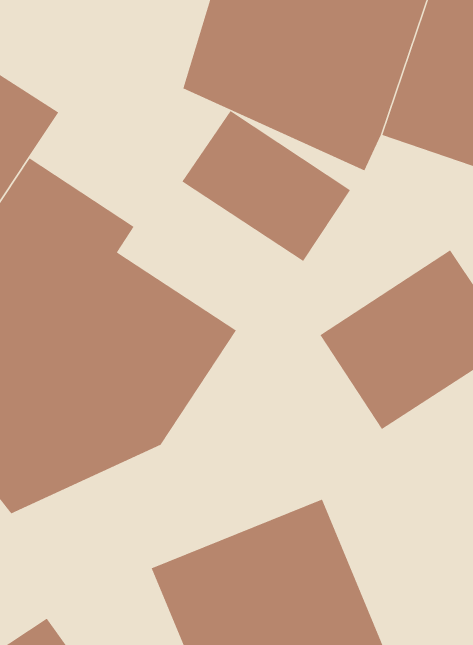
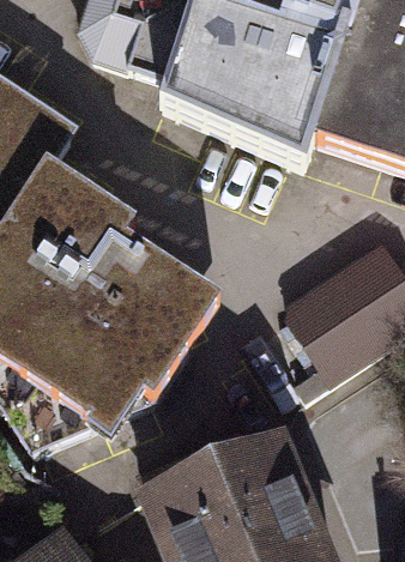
building: [182,110,351,262] -> none

